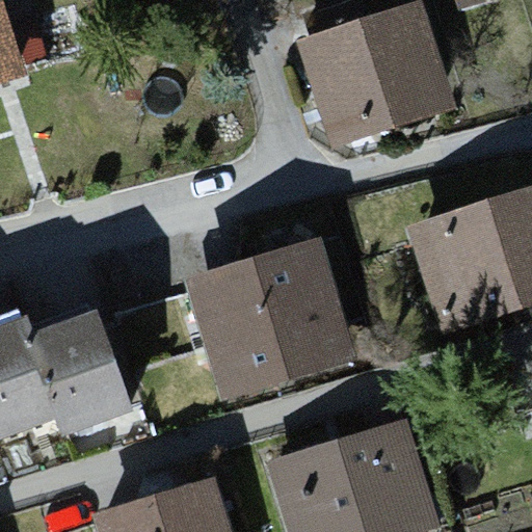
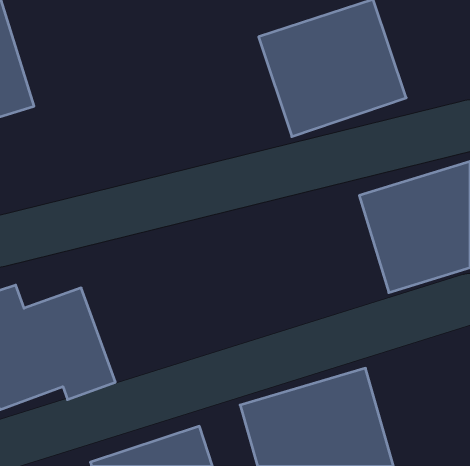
building: [187,242,357,398] -> none

